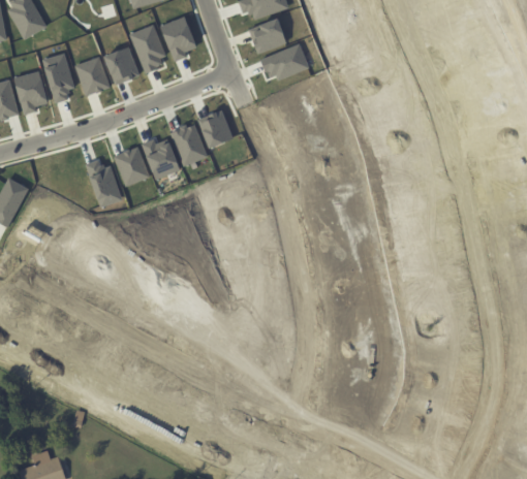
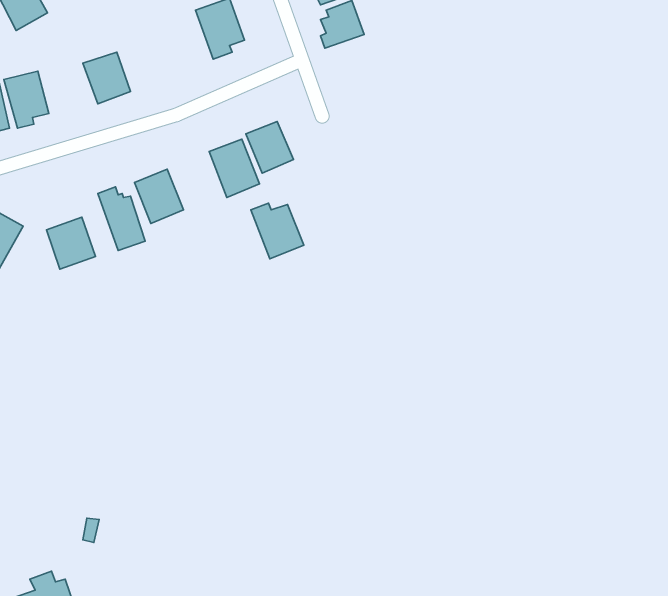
building: [129,25,167,73] -> none
building: [259,43,310,81] -> none
building: [105,46,141,85] -> none
building: [42,53,75,103] -> none
building: [142,138,182,181] -> [251,203,304,259]
building: none -> [46,217,96,269]

